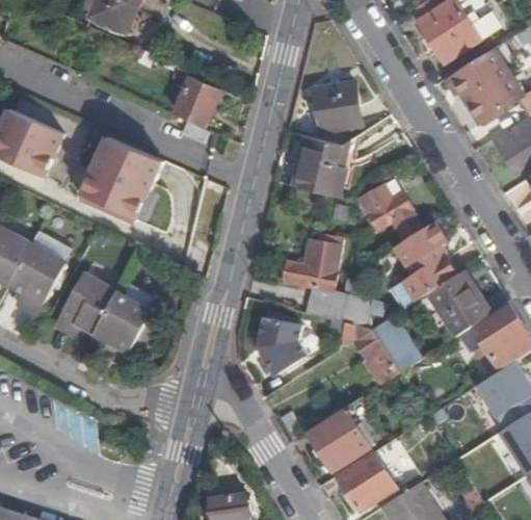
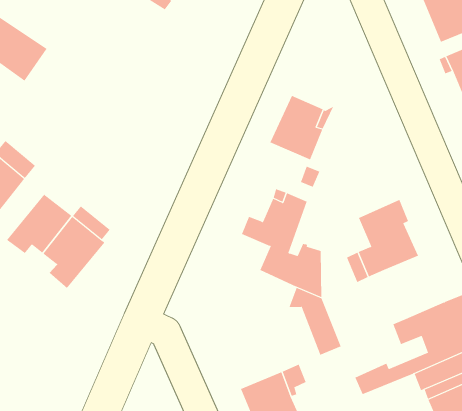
building: [174,77,220,128] -> none
building: [313,82,361,132] -> none
building: [80,137,162,223] -> none
building: [359,179,411,229] -> none
building: [428,269,492,336] -> none
building: [372,316,421,373] -> none
building: [260,317,308,379] -> none

